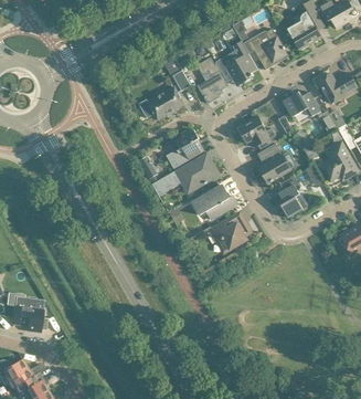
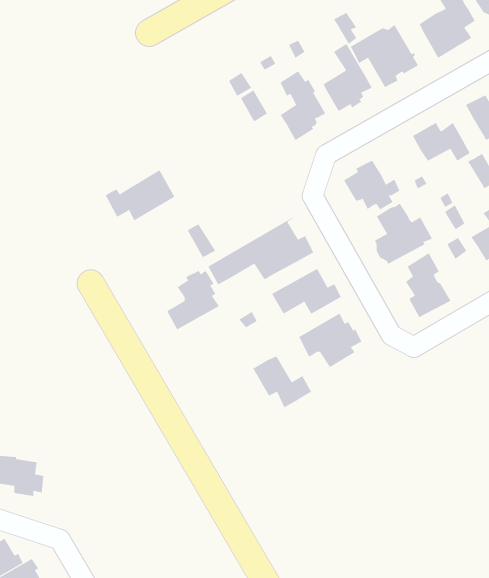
building: [138,86,183,119] -> [105,169,175,221]
building: [168,129,202,168] -> [166,270,220,330]
building: none -> [253,356,312,408]

